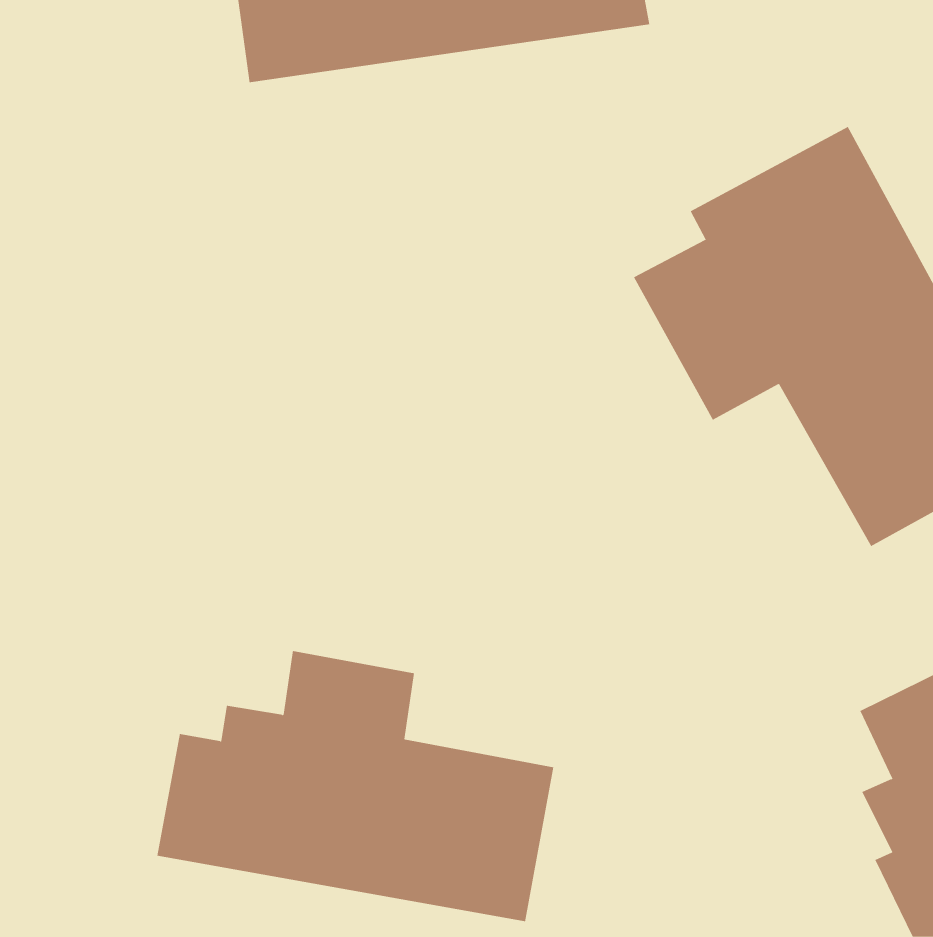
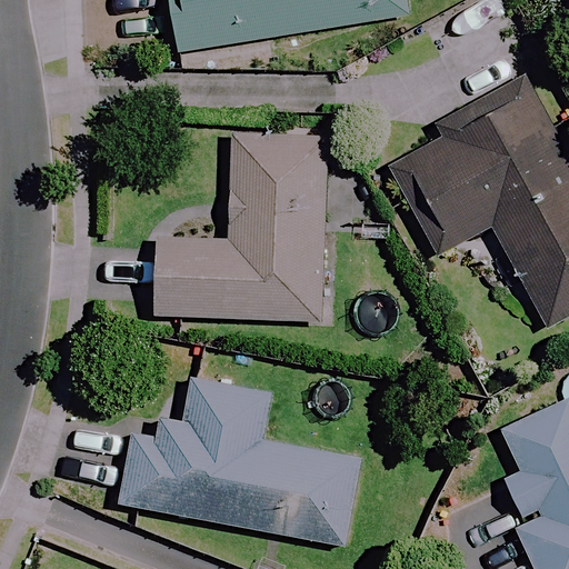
building: none -> [148,129,318,321]

